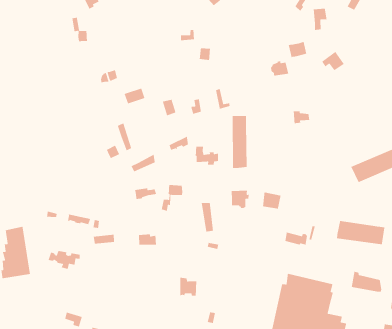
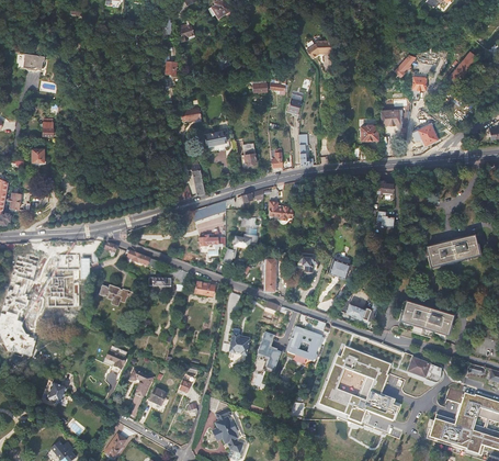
building: [232,115,248,169] -> none
building: none -> [287,326,324,359]
building: none -> [258,331,282,373]

